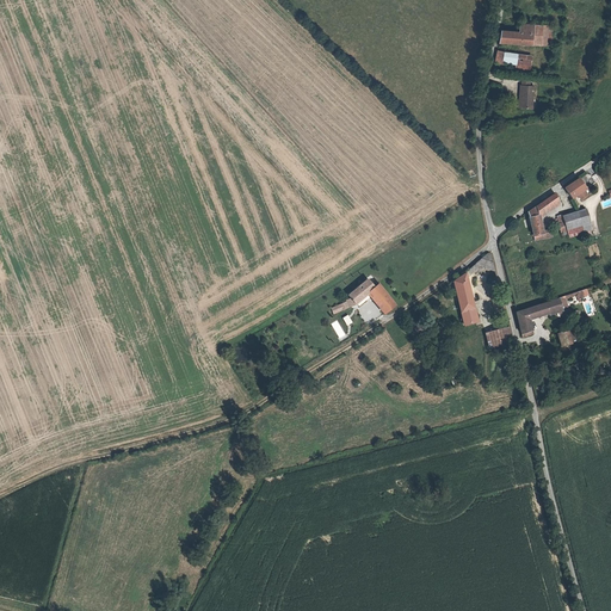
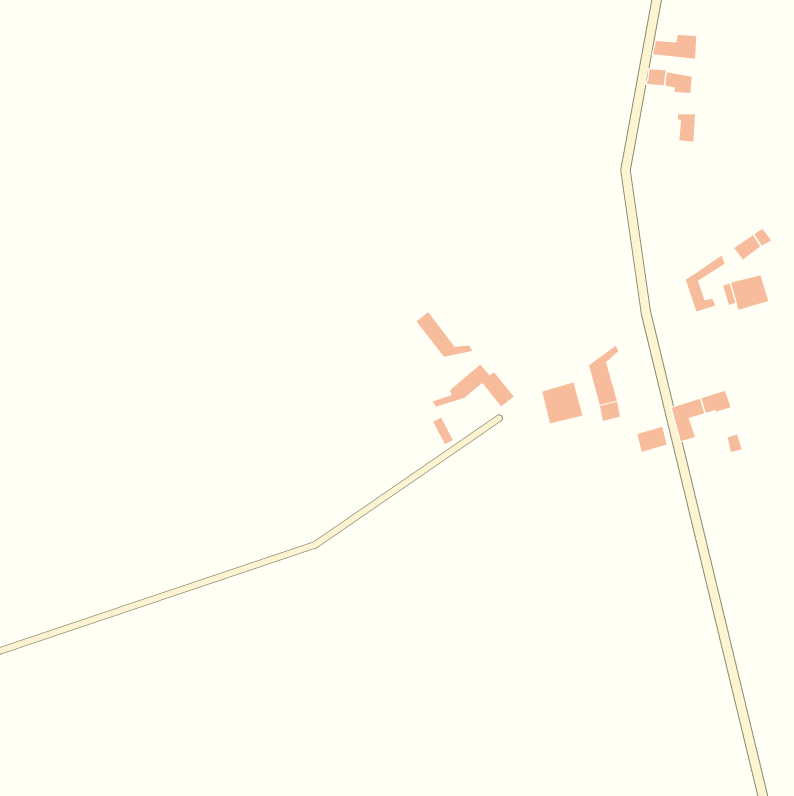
building: none -> [416,311,473,358]
building: none -> [541,381,583,424]

